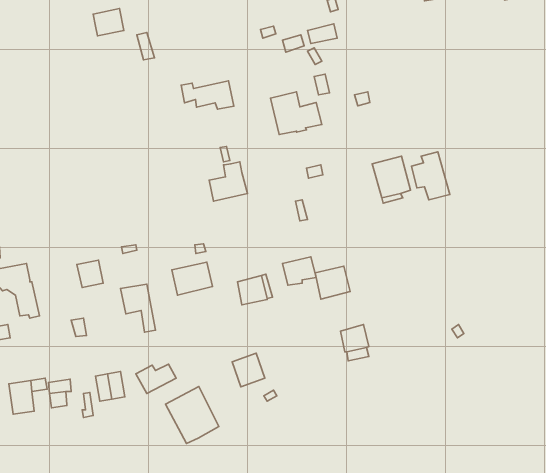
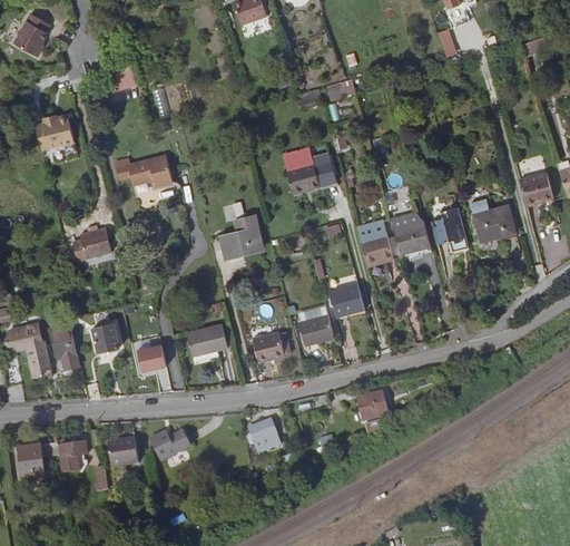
building: none -> [33,114,71,149]
building: [181,81,234,109] -> [119,157,173,186]
building: none -> [521,172,556,205]
building: none -> [474,205,518,247]
building: none -> [358,223,393,269]
building: none -> [70,227,107,260]
building: none -> [48,323,78,370]
building: [315,266,350,299] -> [330,290,365,323]
building: [165,386,219,443] -> none

